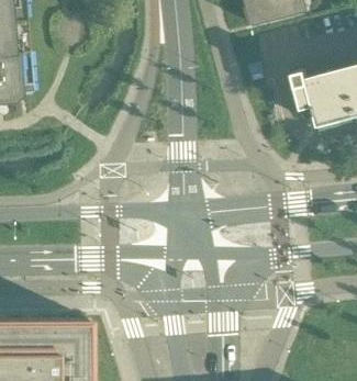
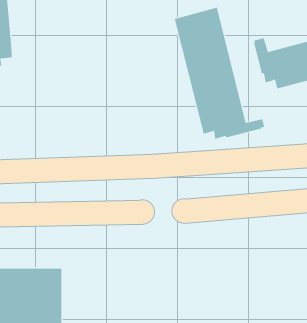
building: none -> [174,7,265,140]

